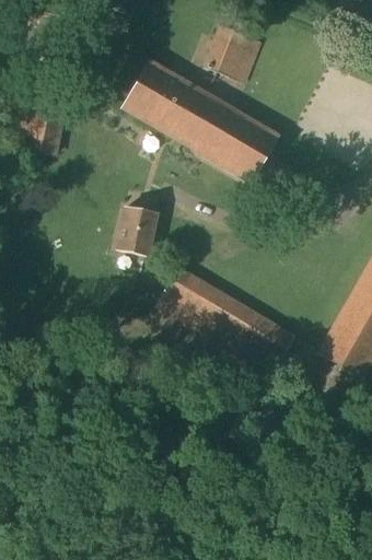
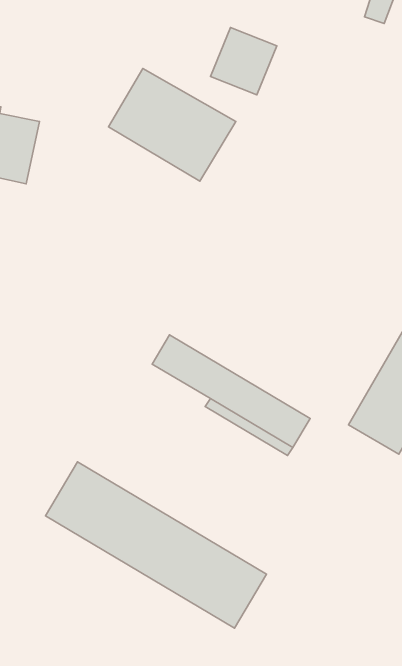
building: [198,101,280,180] -> none
building: [118,205,158,253] -> none
building: none -> [45,462,266,628]

